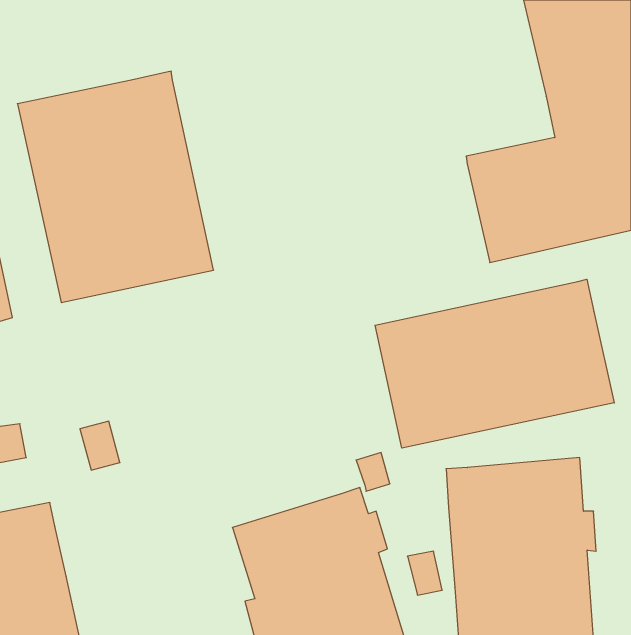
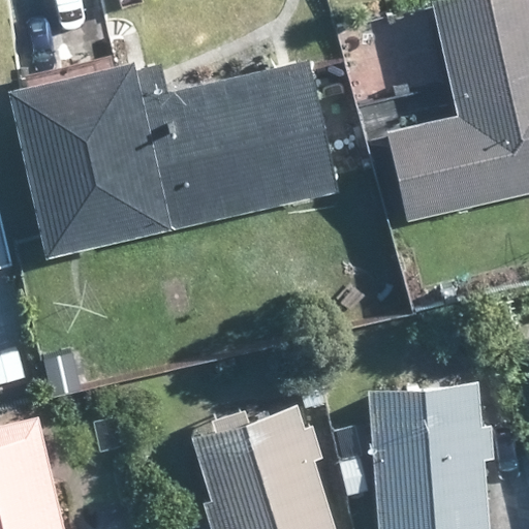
building: none -> [143,62,336,226]
building: [375,279,614,448] -> none

